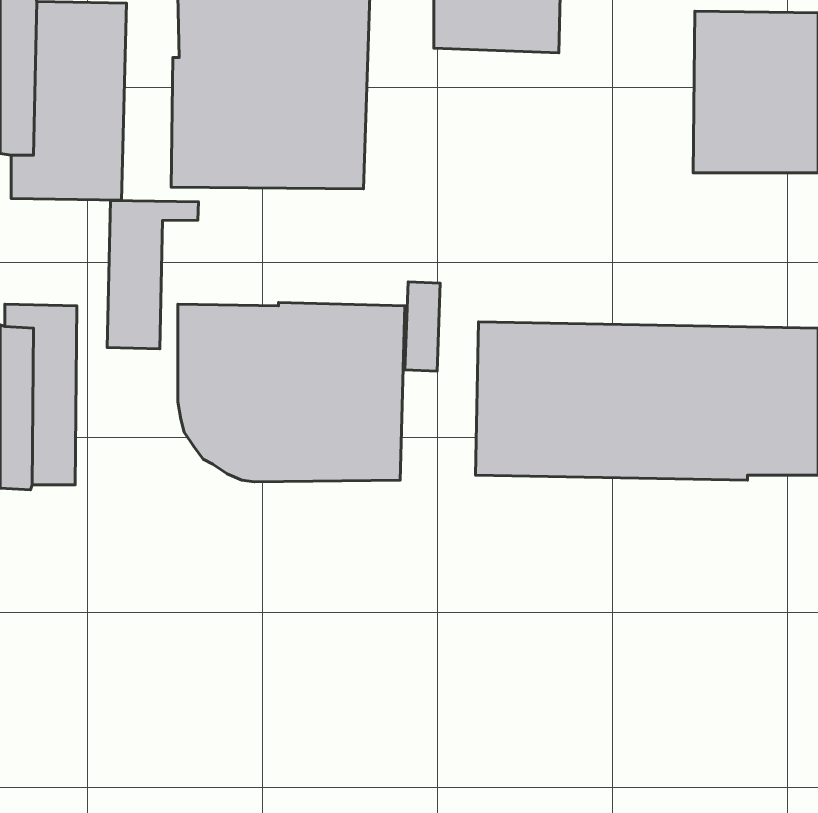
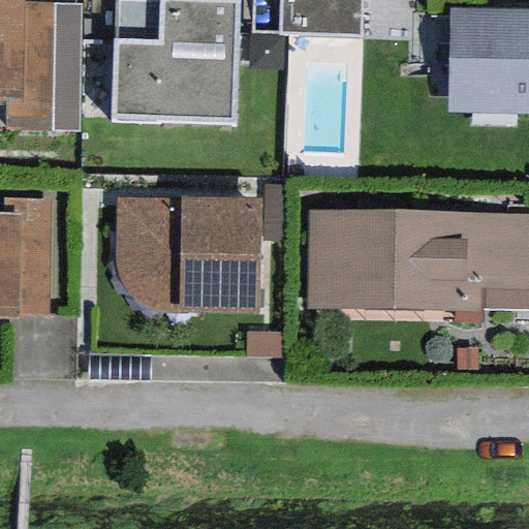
building: [107,201,198,349] -> none

